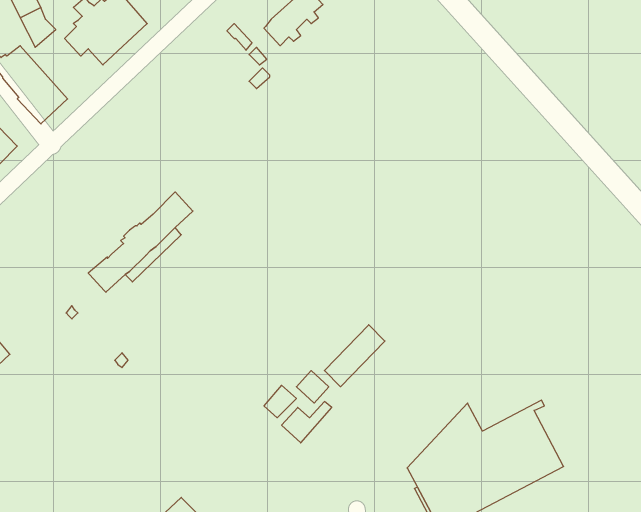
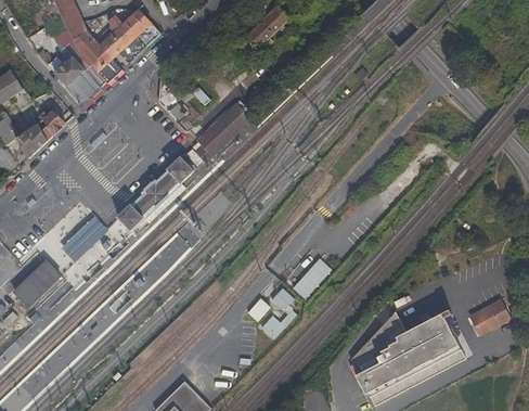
building: none -> [77,37,121,82]
building: none -> [195,104,249,162]
building: none -> [61,215,108,261]
building: none -> [469,299,509,334]

